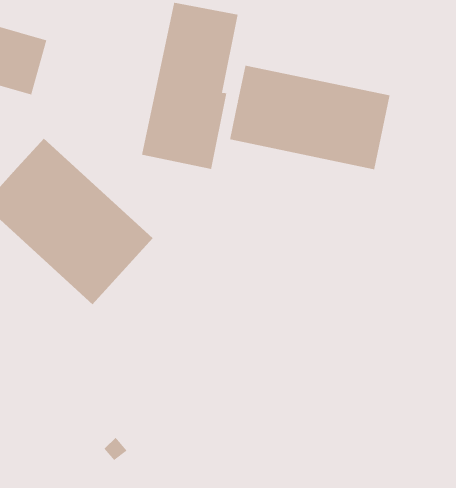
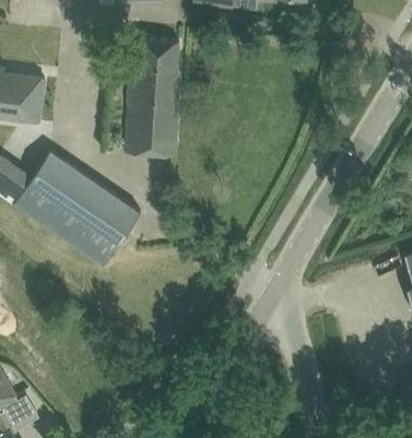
building: [229,65,390,170] -> none

